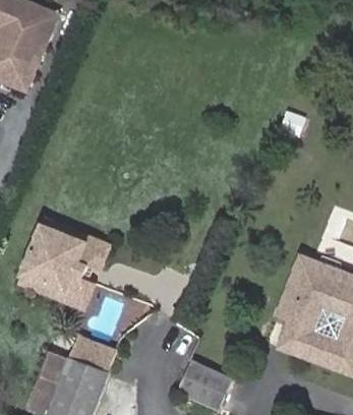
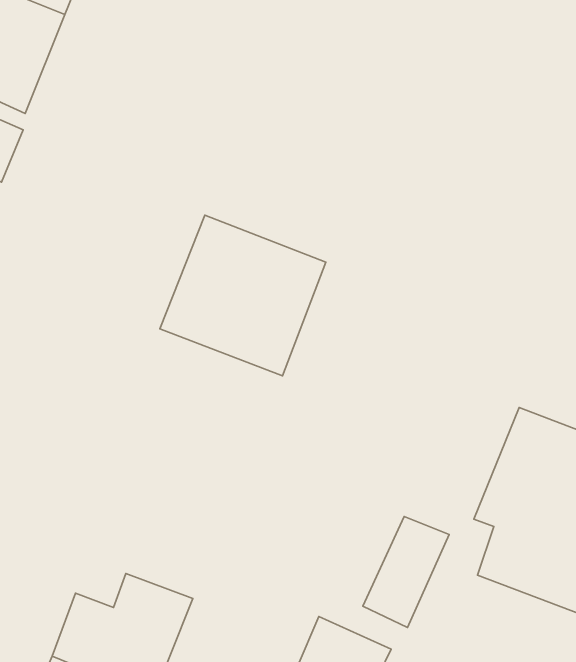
building: [14,221,108,311] -> [160,215,326,376]
building: none -> [363,516,449,628]

